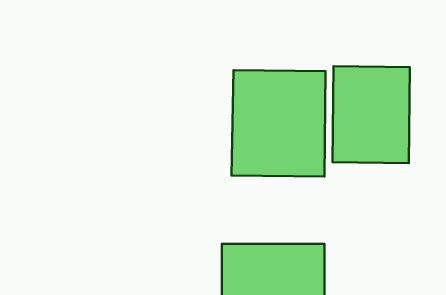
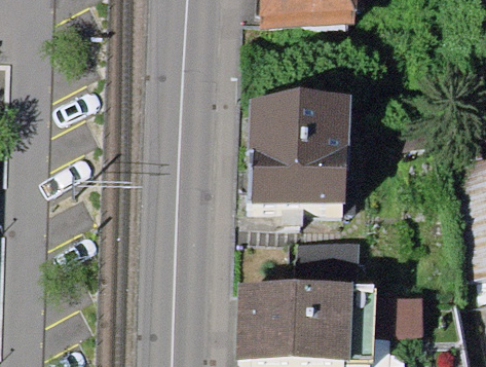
building: [332,66,410,163] -> none

